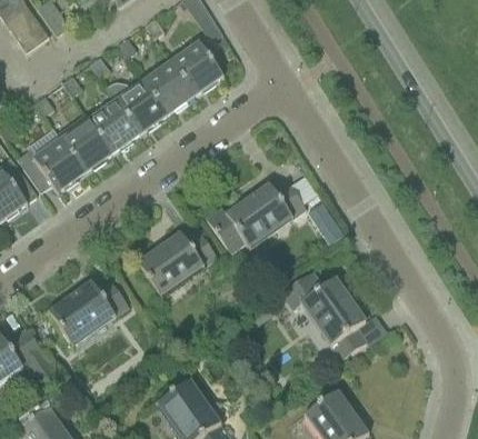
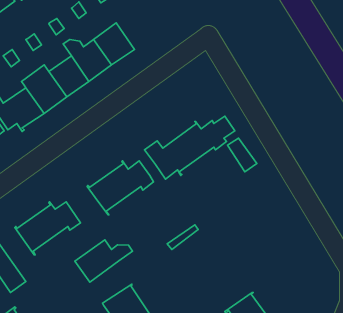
building: [171,41,223,94] -> none
building: [281,270,366,358] -> none
building: none -> [75,240,133,282]

